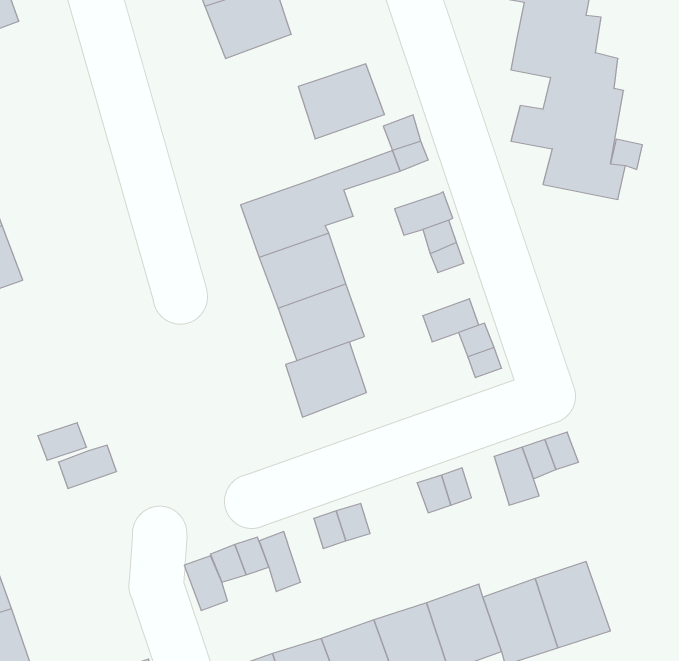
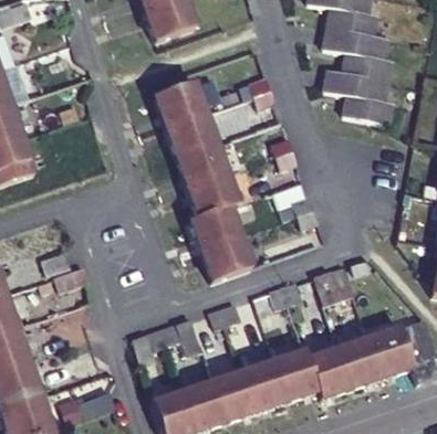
building: [298,64,385,139] -> [156,82,207,126]
building: none -> [202,236,251,280]
building: none -> [370,326,415,377]

